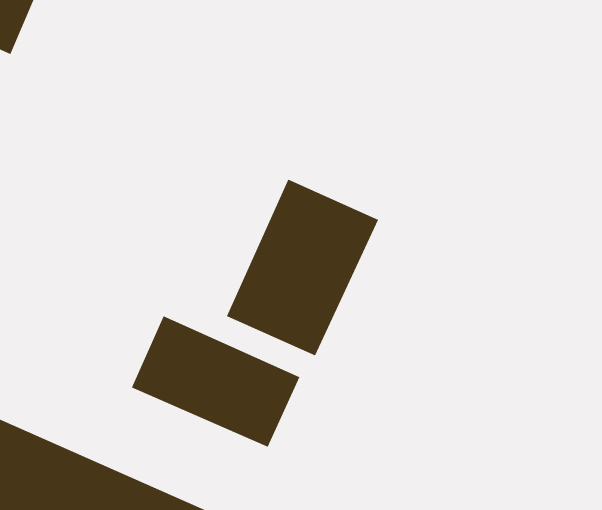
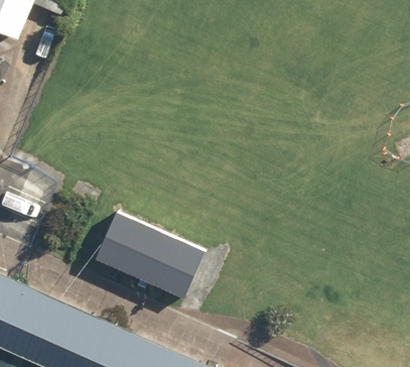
building: [226,178,379,356] -> none

